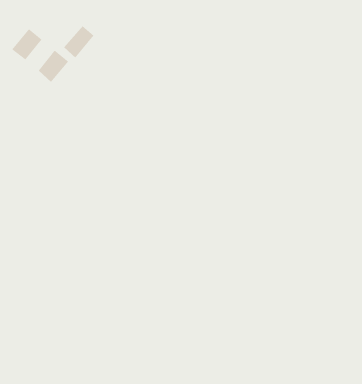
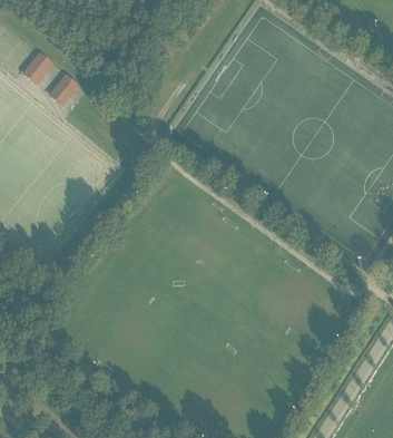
building: [63,25,95,58] -> none

